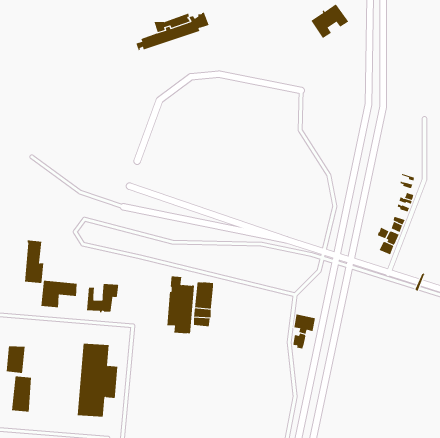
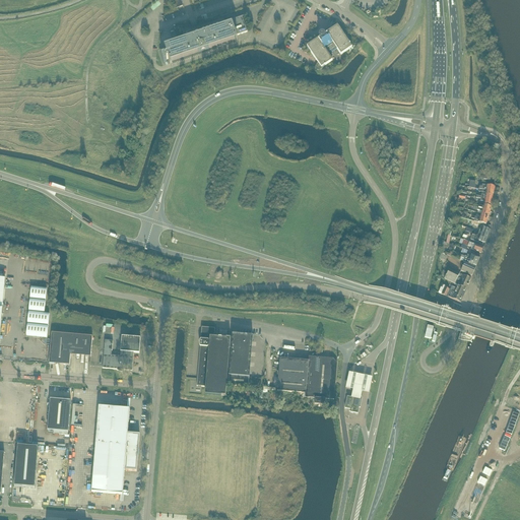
building: [310,3,349,39] -> [306,23,351,65]
building: none -> [276,353,336,402]
building: [6,346,26,373] -> [47,397,70,430]

